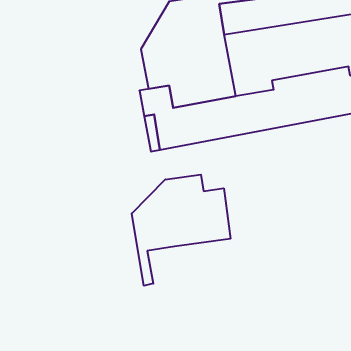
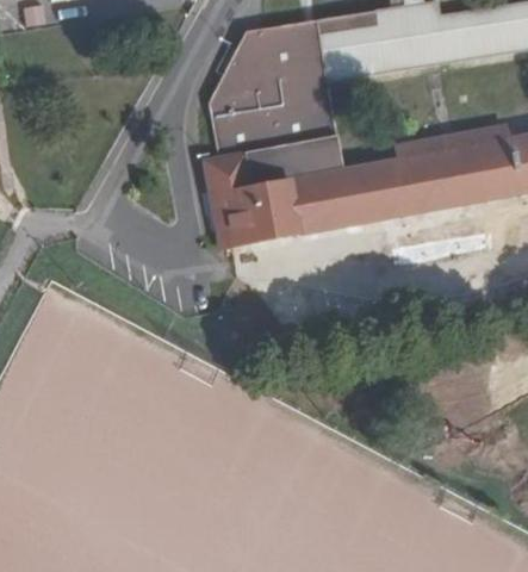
building: [132,175,230,286] -> none

